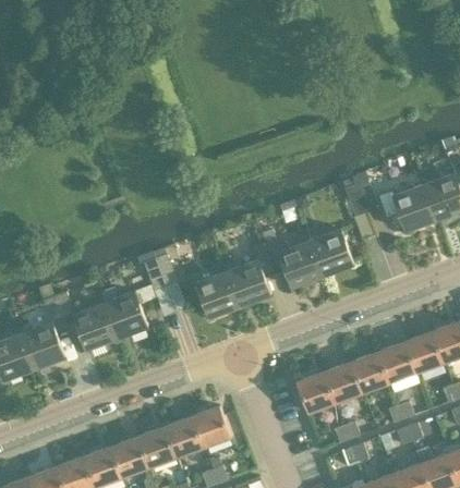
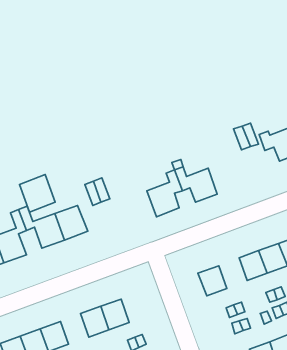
building: [311,230,354,276] -> none
building: none -> [19,174,55,212]
building: [197,271,241,317] -> none
building: [325,362,363,403] -> none
building: [193,407,231,449] -> none
building: [111,437,149,478] -> none

